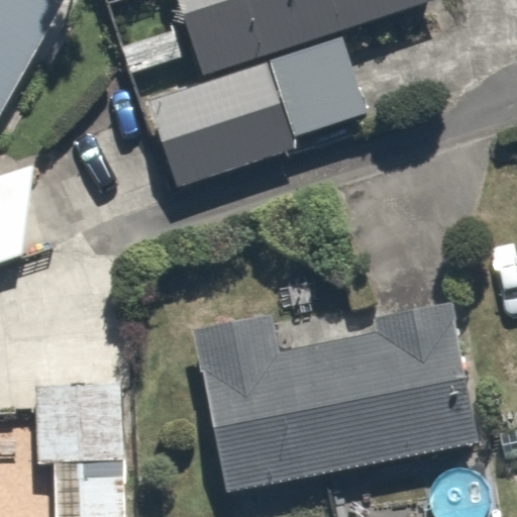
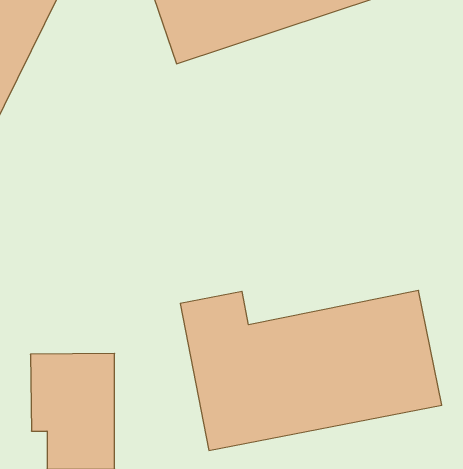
building: [260,31,356,131] -> none
building: [138,59,283,183] -> none

